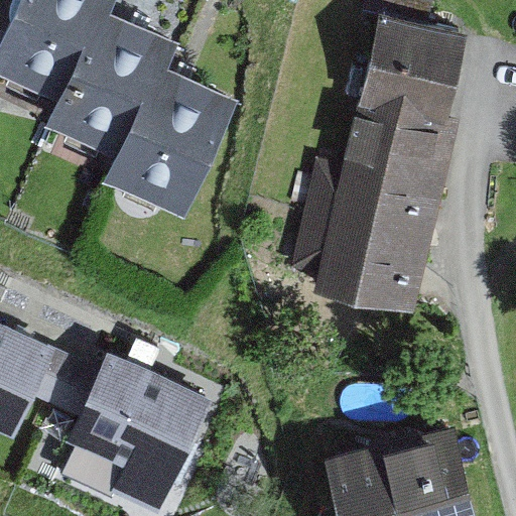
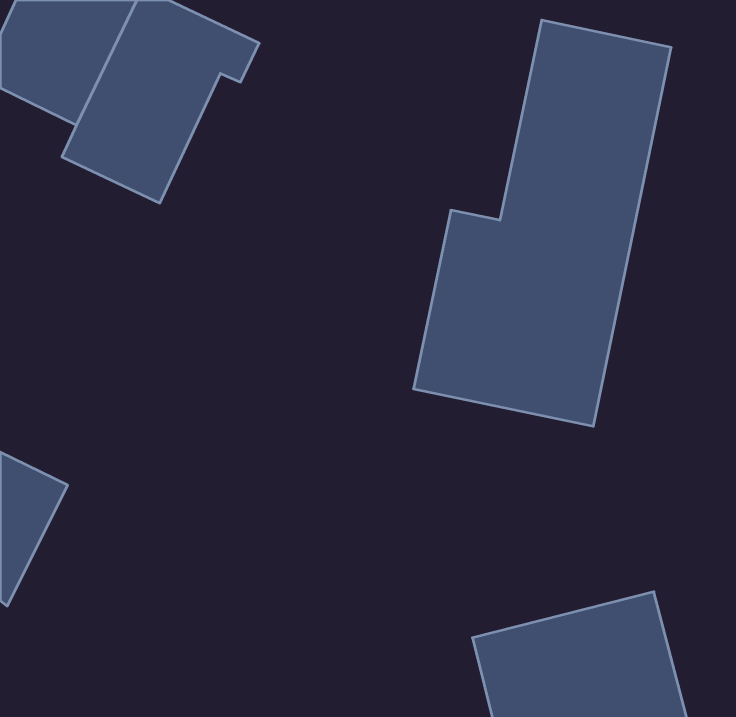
building: [100,64,236,220] -> none
building: [68,361,200,511] -> none

